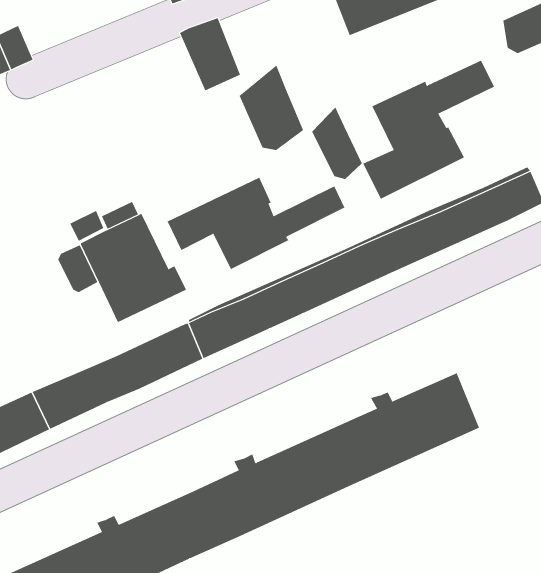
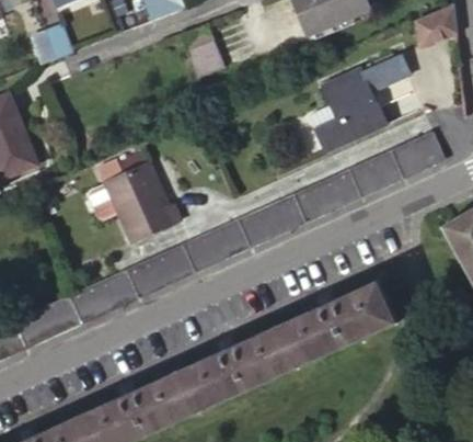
building: [239,64,304,151] -> none
building: [312,106,363,180] -> none
building: [167,177,345,270] -> none

